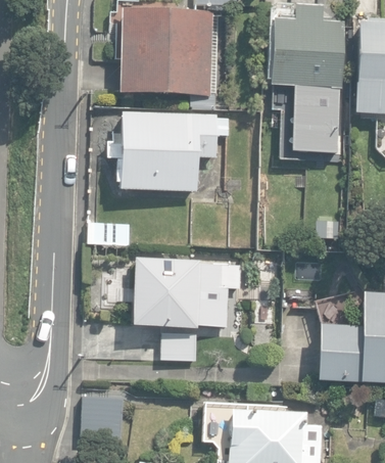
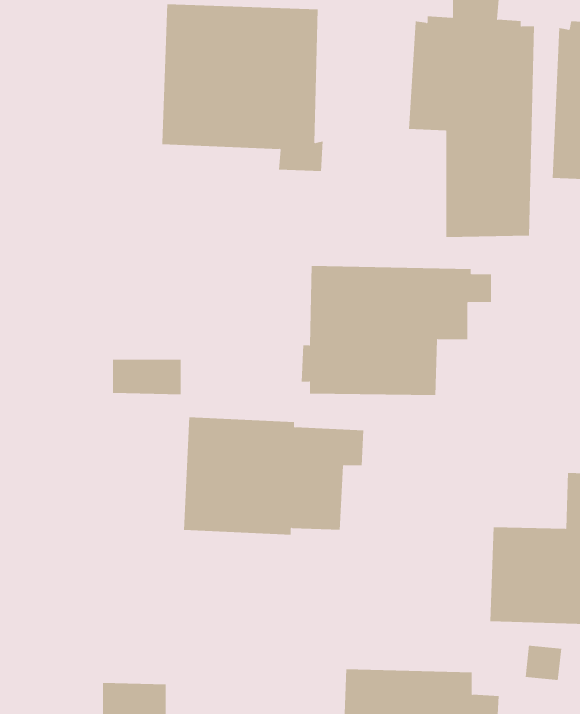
building: [114,111,230,190] -> [301,265,492,396]

